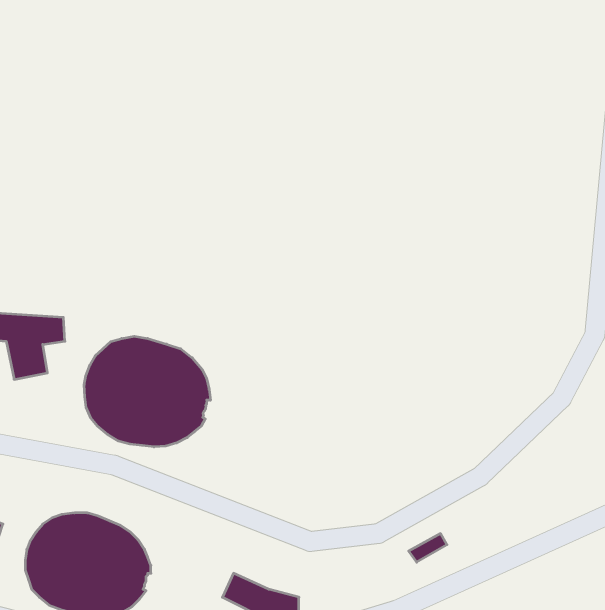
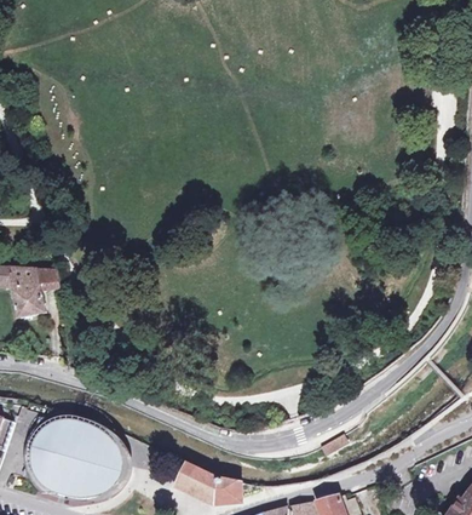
building: [84,336,210,447] -> none

